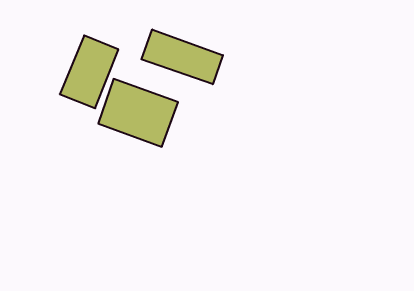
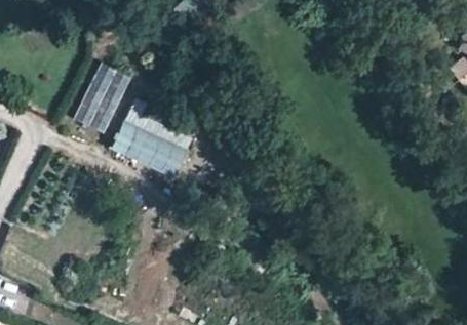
building: [141,29,223,84] -> none

